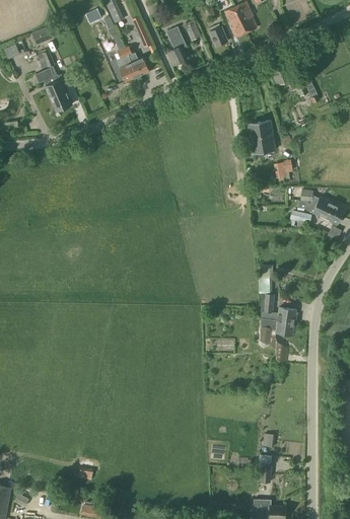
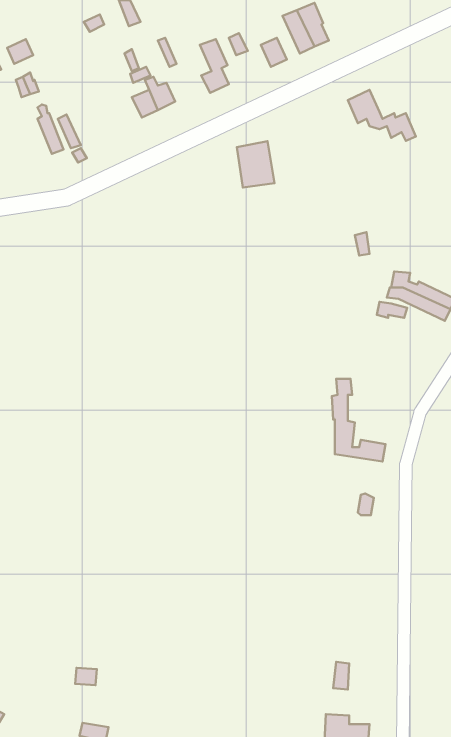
building: [36,68,63,110] -> none
building: [249,121,275,153] -> [237,141,275,188]
building: [261,317,294,342] -> none

